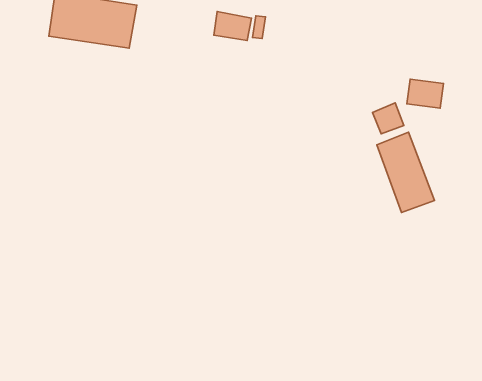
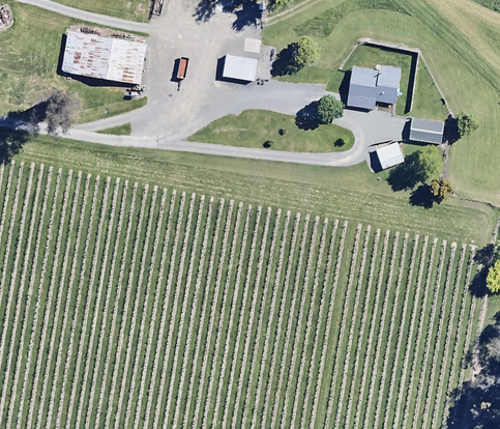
building: none -> [347,62,400,109]
building: [377,132,434,212] -> none

